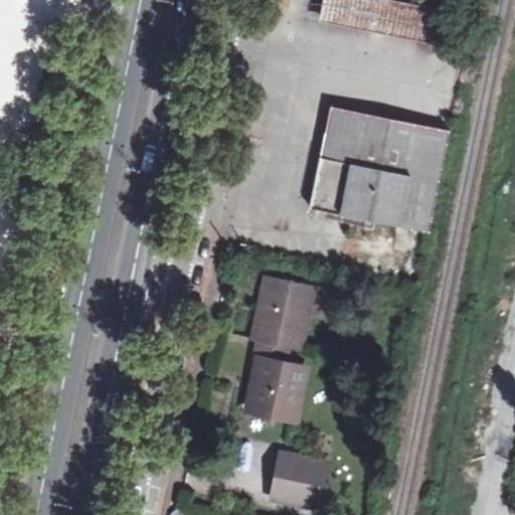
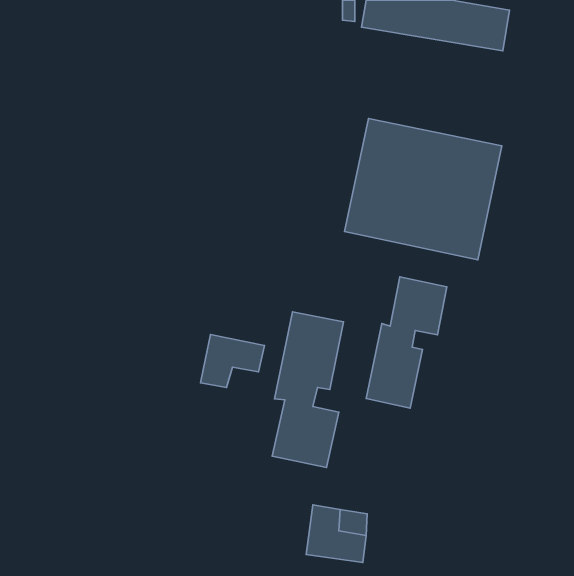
building: none -> [366,277,447,408]
building: none -> [200,334,264,388]

